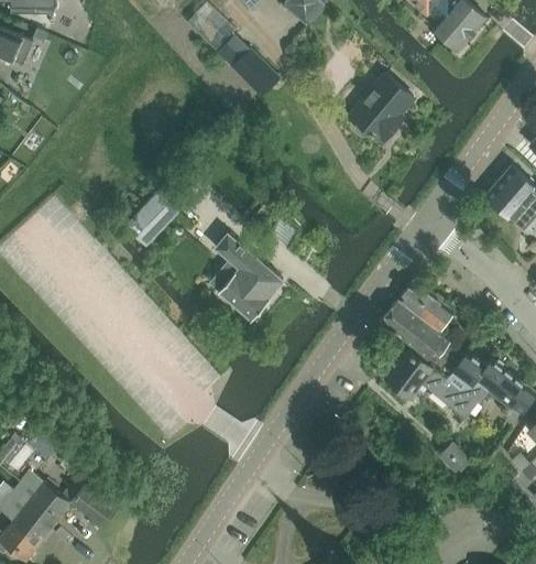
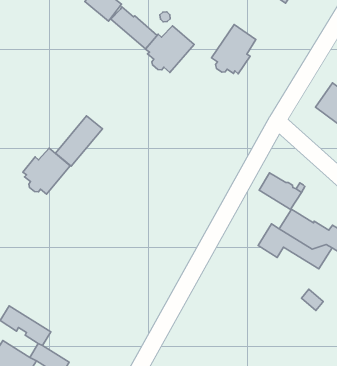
building: none -> [146,26,194,72]
building: none -> [23,148,70,194]
building: [215,235,283,321] -> none
building: [380,303,437,358] -> none

